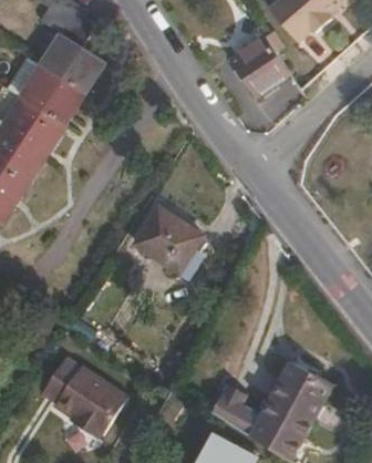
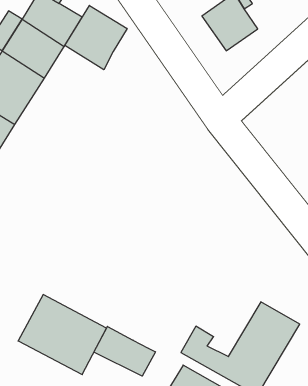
building: none -> [65,5,127,70]
building: [132,207,202,279] -> none
building: none -> [94,326,155,376]

